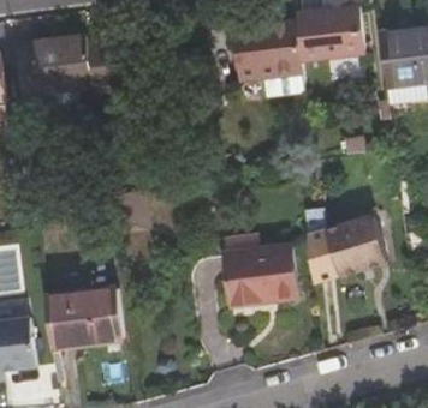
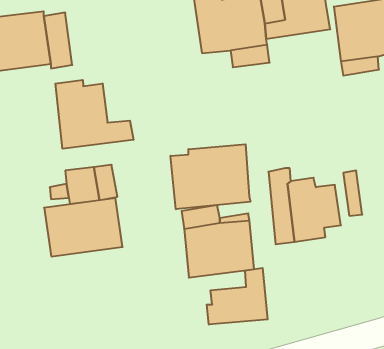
building: none -> [55,80,133,149]
building: none -> [171,144,250,209]
building: [44,295,124,354] -> [44,198,123,256]
building: none -> [207,268,268,325]

